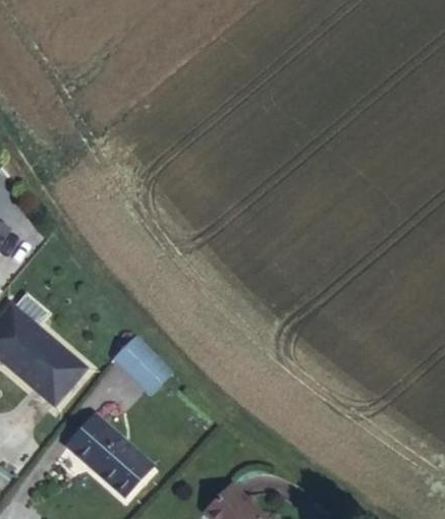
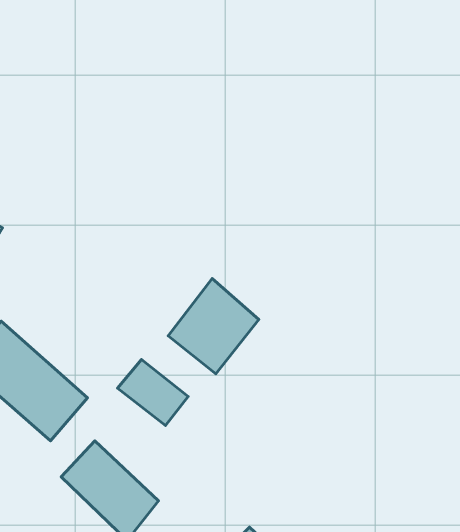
building: none -> [168,278,259,374]

